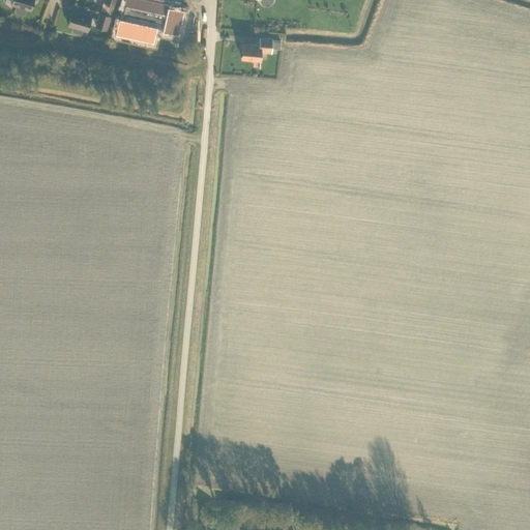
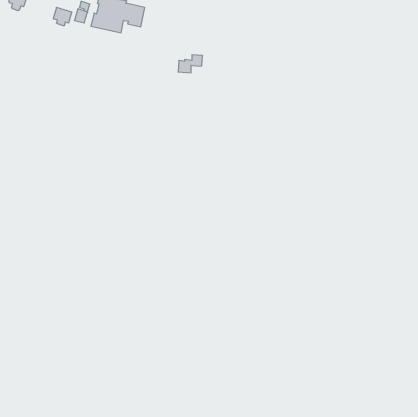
building: [241,36,272,59] -> [178,55,203,73]

